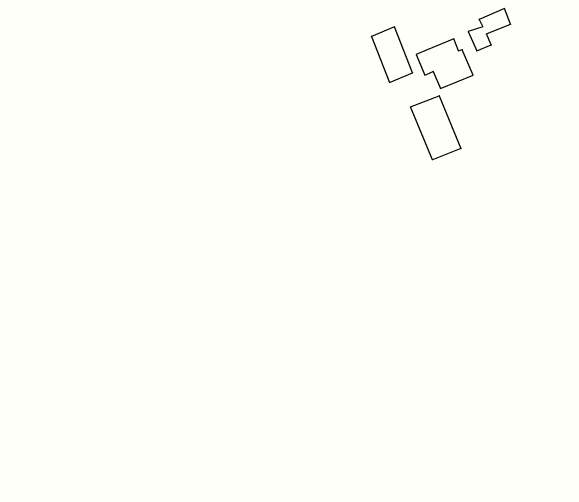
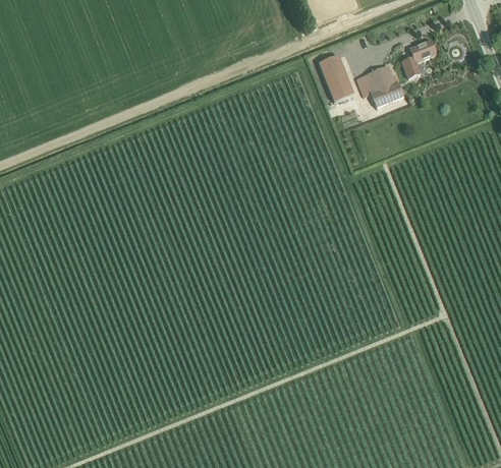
building: [411,96,461,160] -> none

